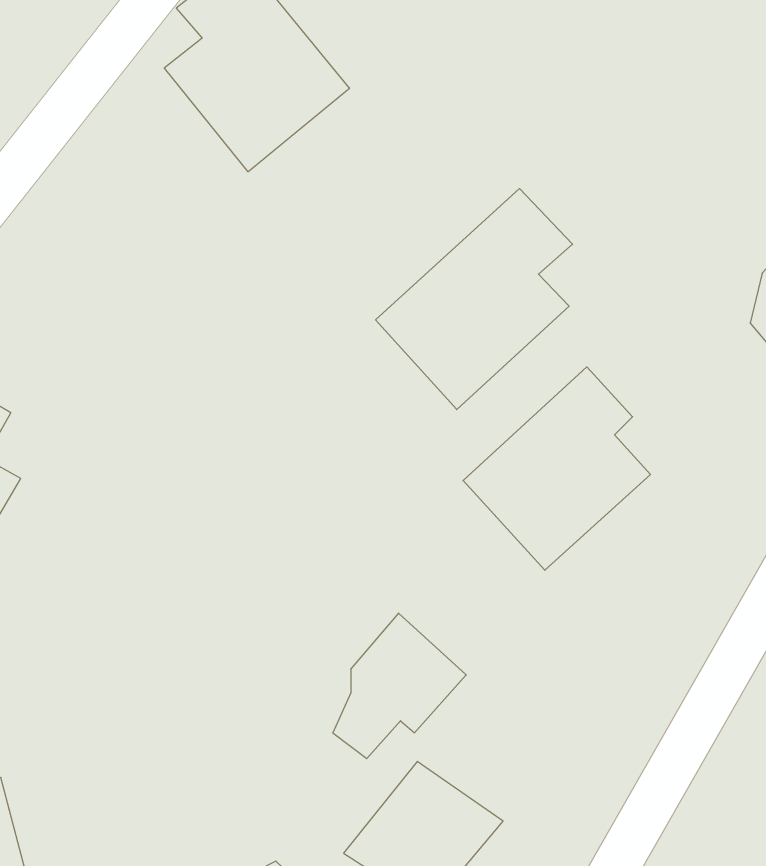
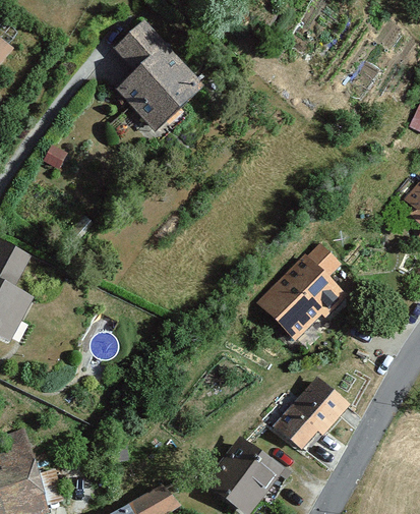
building: [376,189,573,410] -> none
building: [333,613,466,759] -> [284,376,352,450]

